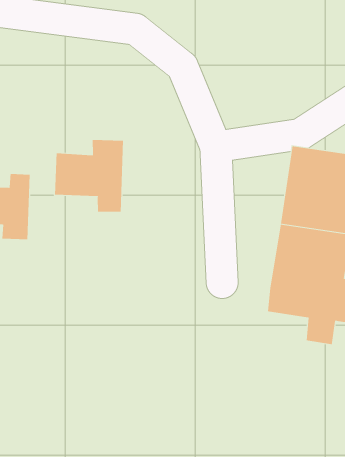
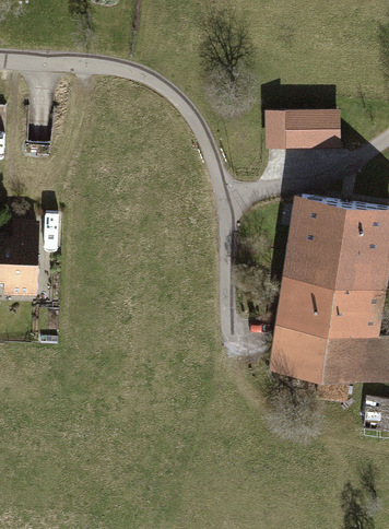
building: none -> [269,115,337,146]
building: [55,139,124,213] -> none

